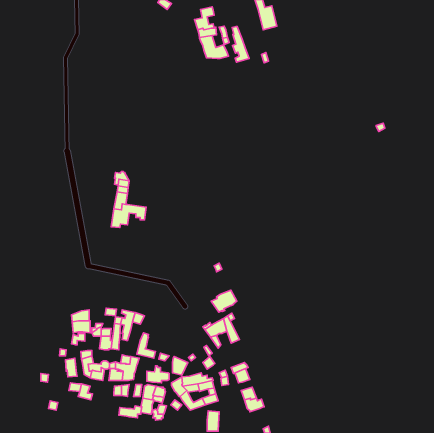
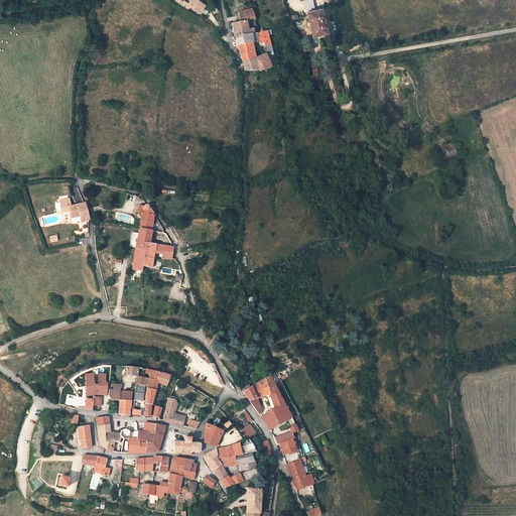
building: [232,26,249,62] -> none
building: none -> [59,198,89,221]
building: [211,290,237,312] -> [261,403,291,429]

